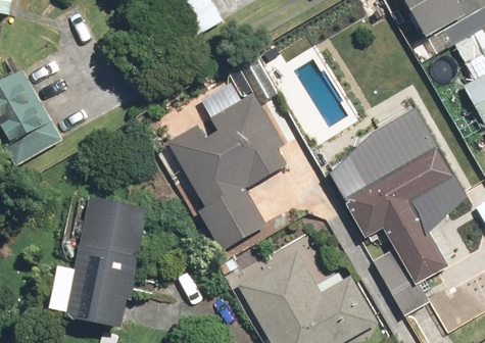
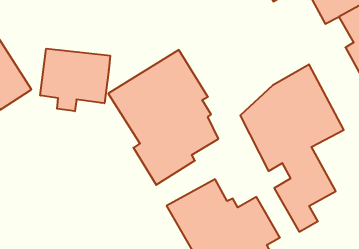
building: none -> [40,49,110,111]
building: [50,195,146,327] -> none

